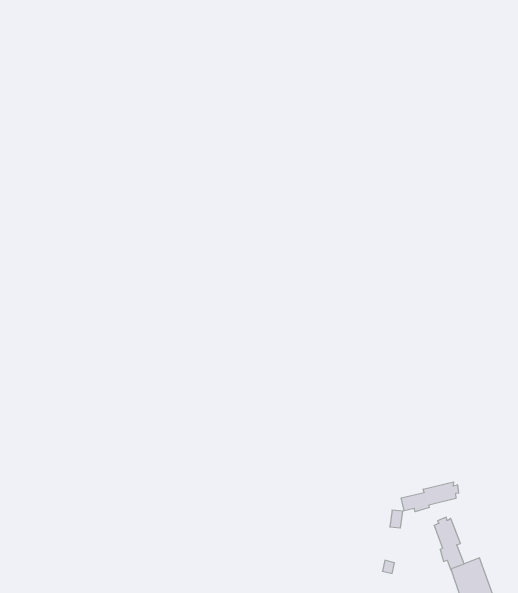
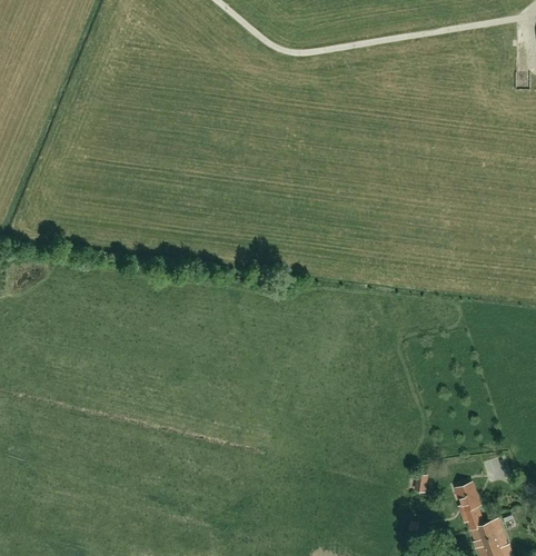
building: [401,482,459,512] -> none

